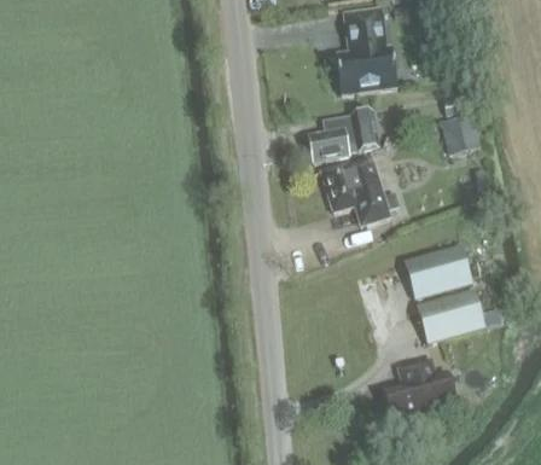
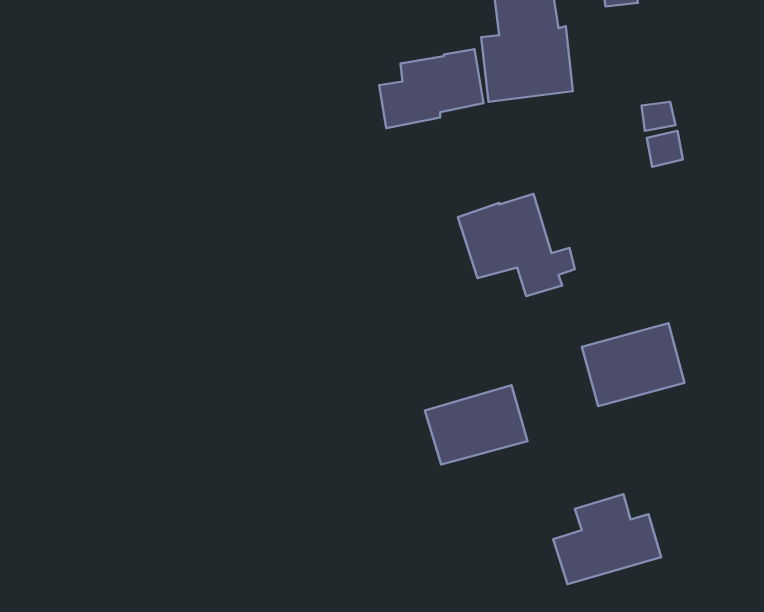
building: [308,109,378,162] -> [379,49,483,128]
building: [417,289,485,342] -> [425,385,528,464]

